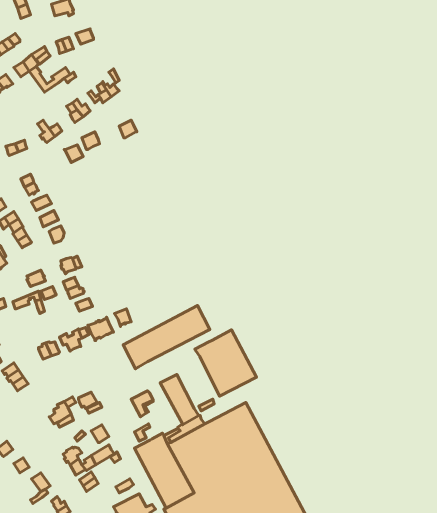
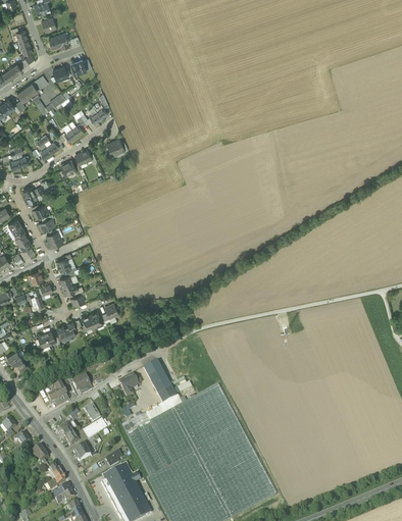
building: [123,306,210,369] -> none
building: [195,330,256,396] -> none

